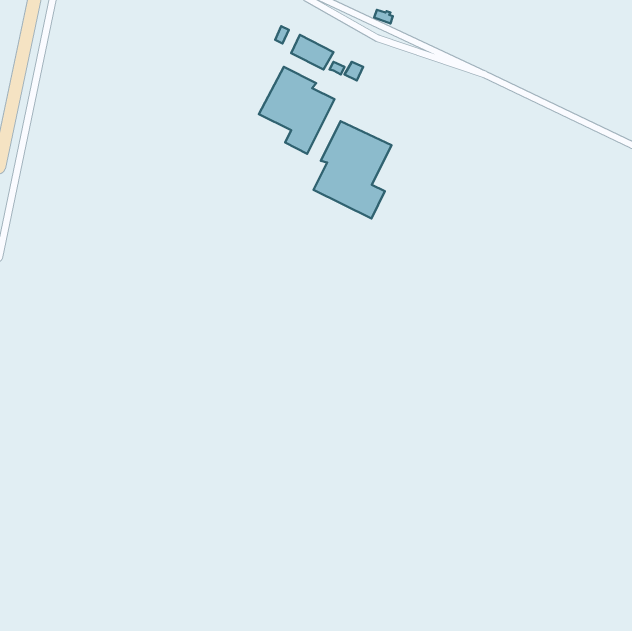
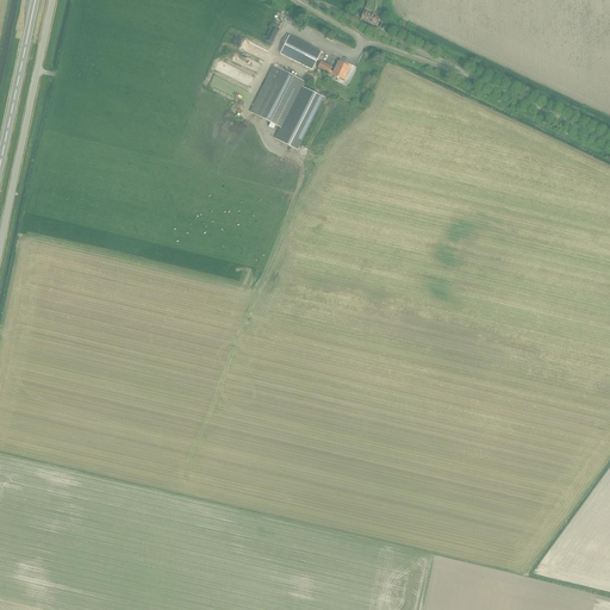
building: [314,121,392,219] -> none

